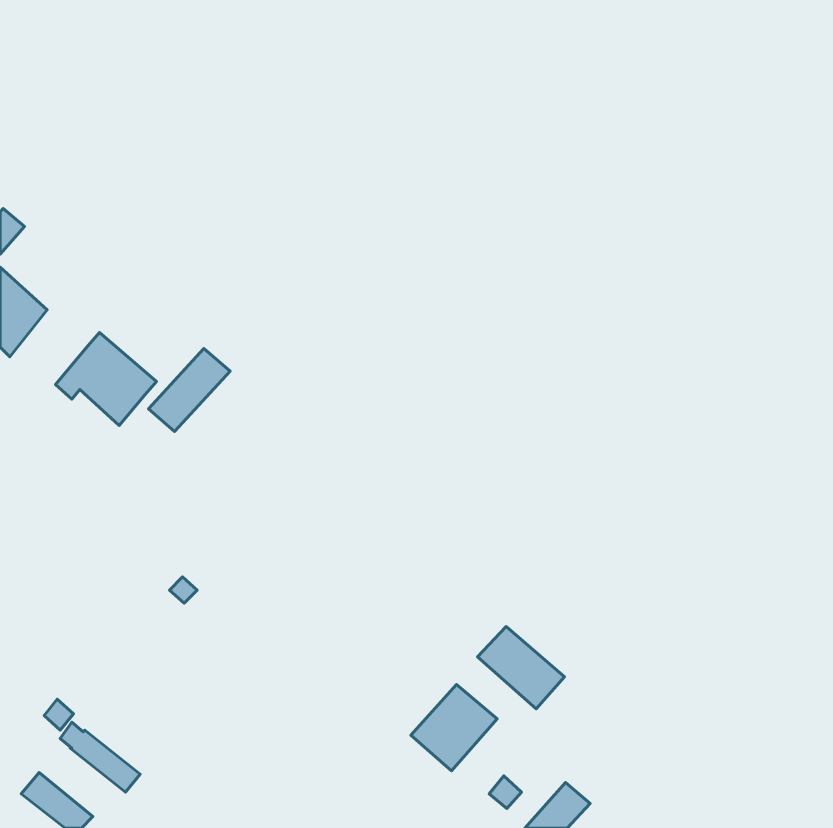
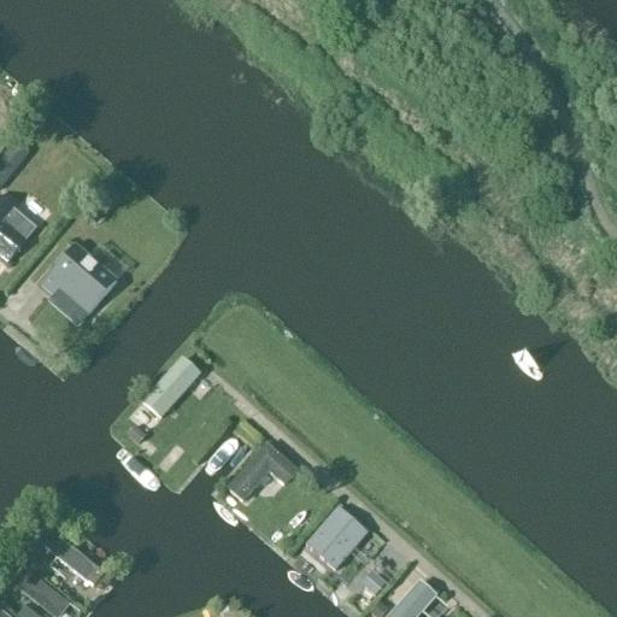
building: [149,349,230,432] -> [140,357,200,418]
building: none -> [225,441,298,501]
building: [477,626,564,709] -> none

